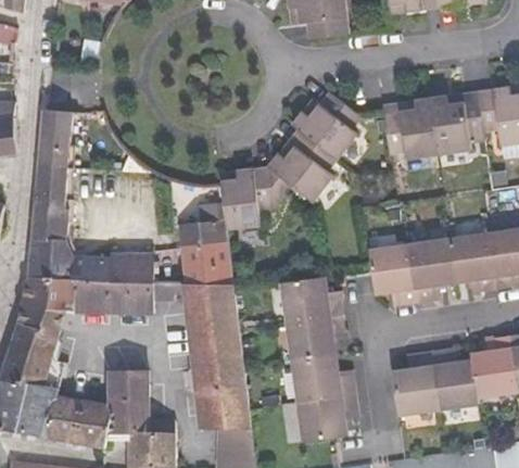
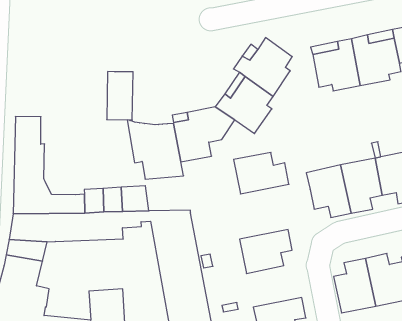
building: [37,110,71,167] -> [107,72,133,120]
building: [181,245,231,286] -> none
building: [280,277,342,322] -> [234,152,289,194]
building: [291,356,353,402] -> none

